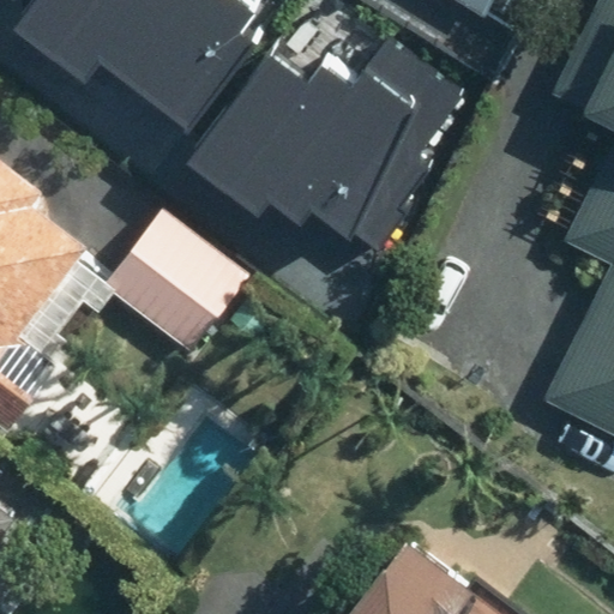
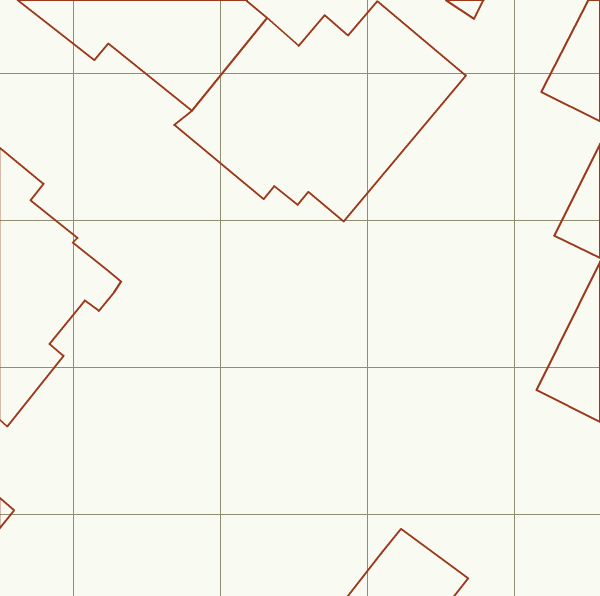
building: [109,210,252,360] -> none

